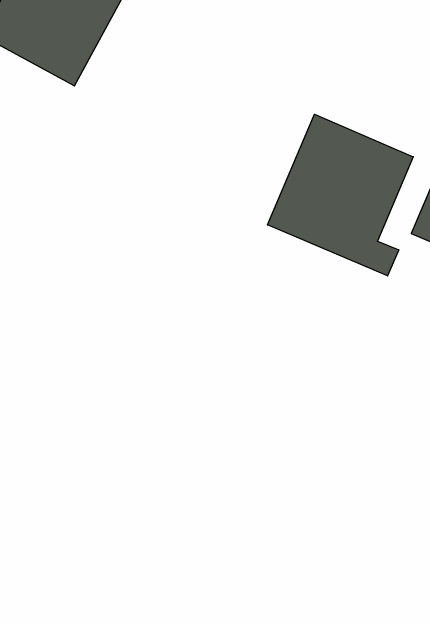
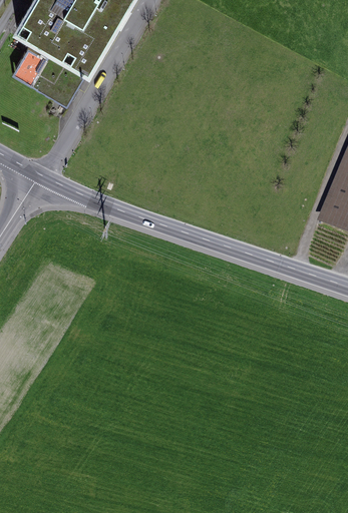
building: [267,114,413,276] -> none

